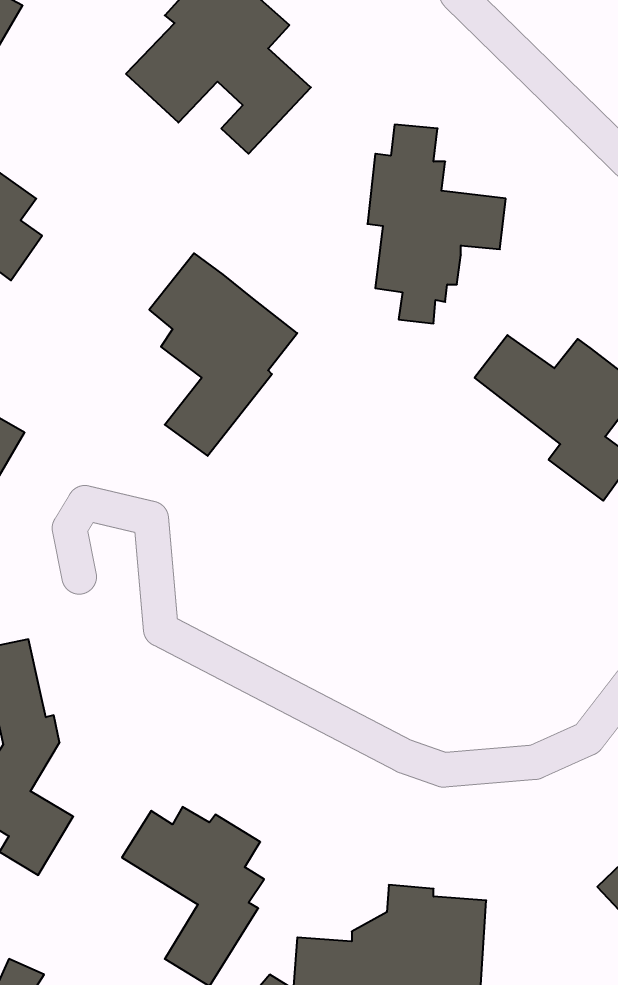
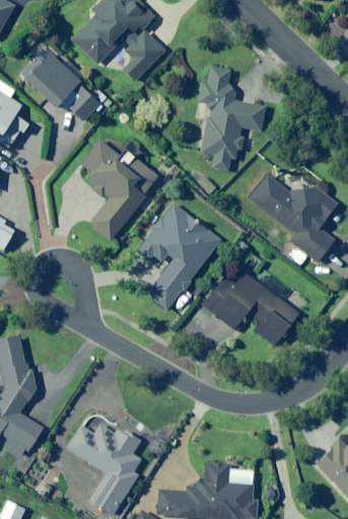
building: none -> [19,43,101,122]
building: none -> [136,203,220,310]
building: none -> [202,264,299,346]

